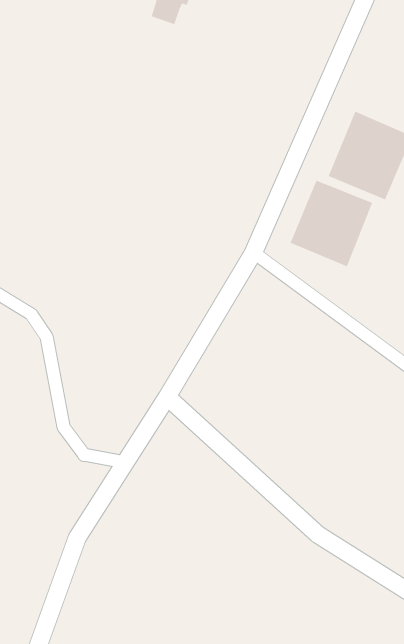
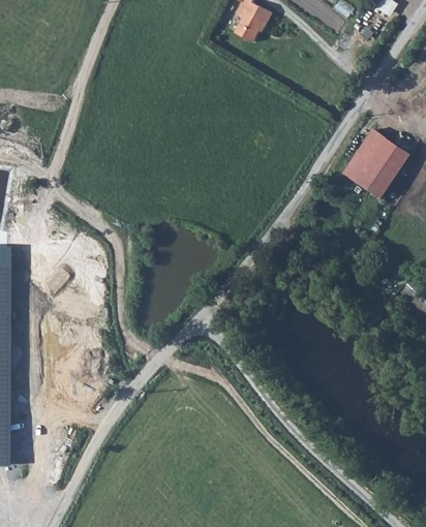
building: [290,180,373,267] -> none

